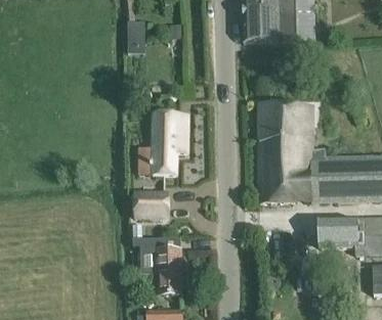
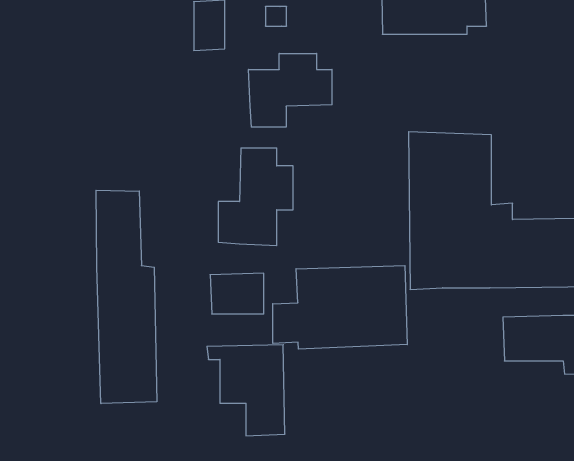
building: none -> [249,53,332,127]
building: none -> [96,190,157,404]
building: none -> [273,266,407,349]

